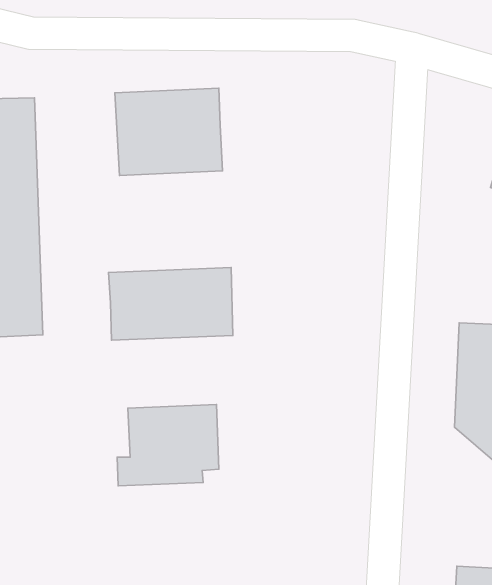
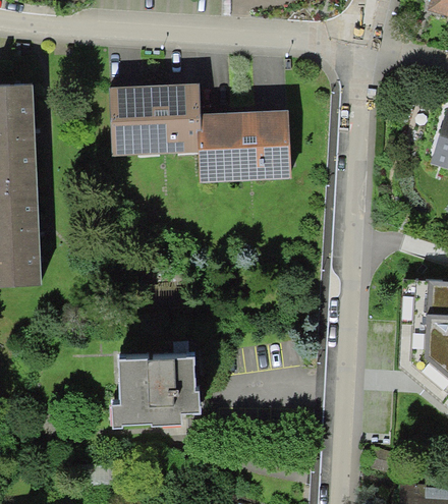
building: none -> [199,108,291,179]
building: [109,268,233,340] -> none

